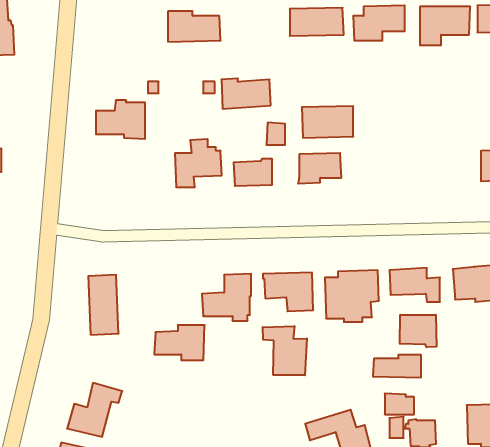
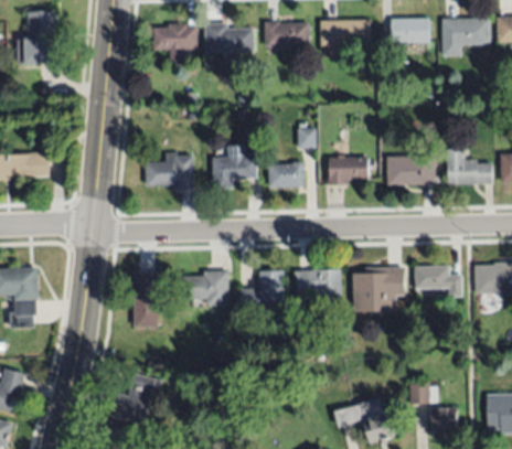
building: none -> [154,23,196,63]
building: [221,78,271,109] -> [264,21,310,50]
building: [96,100,145,139] -> [147,153,193,190]
building: [302,106,353,138] -> [386,156,435,185]
building: none -> [447,149,492,185]
building: [400,315,436,347] -> none
building: [154,325,205,360] -> [181,271,228,304]
building: [263,326,307,375] -> none
building: [373,355,421,378] -> none

